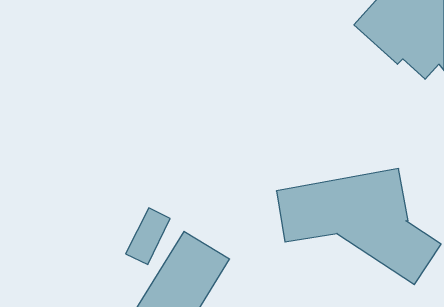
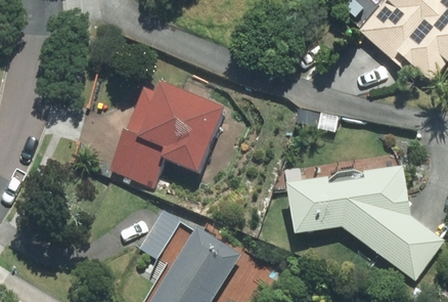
building: none -> [107,78,221,181]

